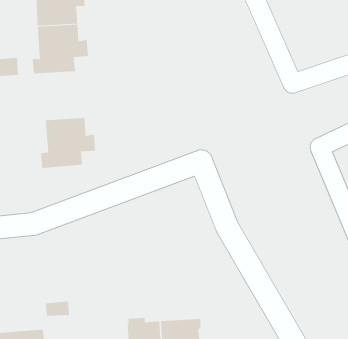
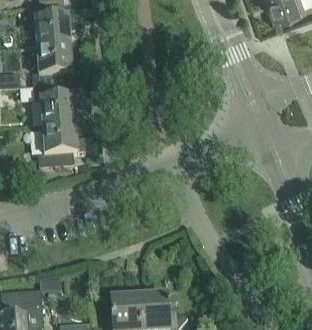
building: none -> [32,84,82,125]

